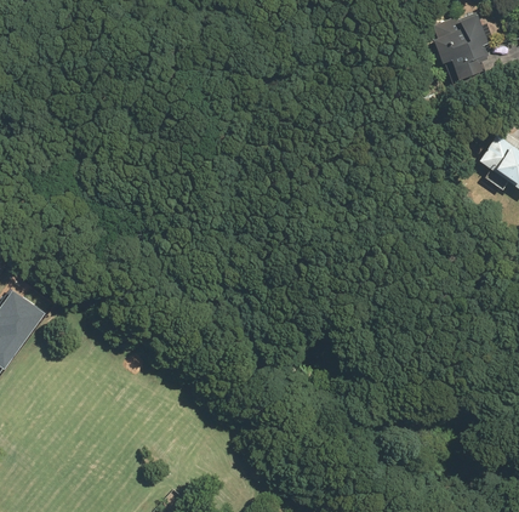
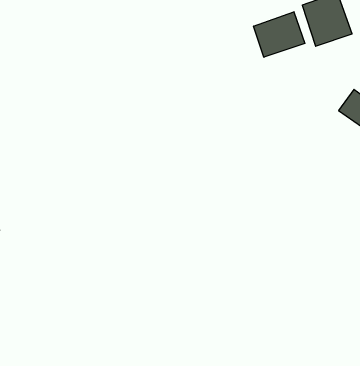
building: none -> [254,12,305,57]

